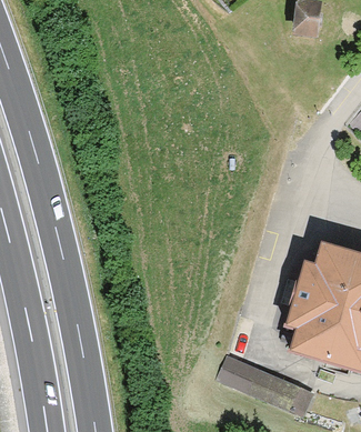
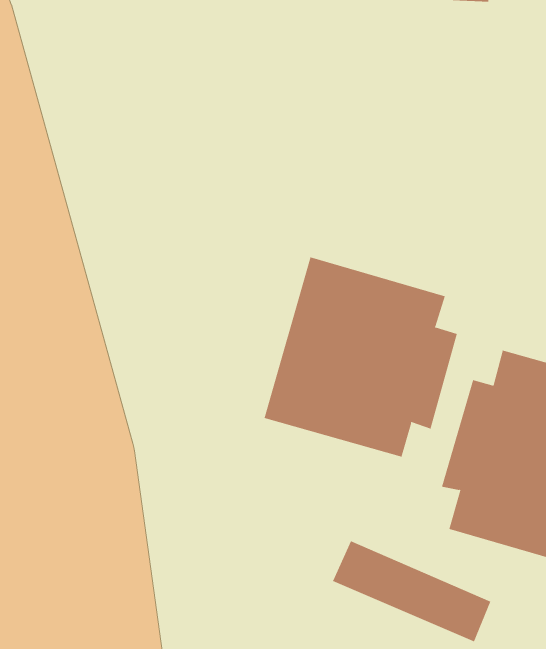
building: none -> [264,256,458,457]

